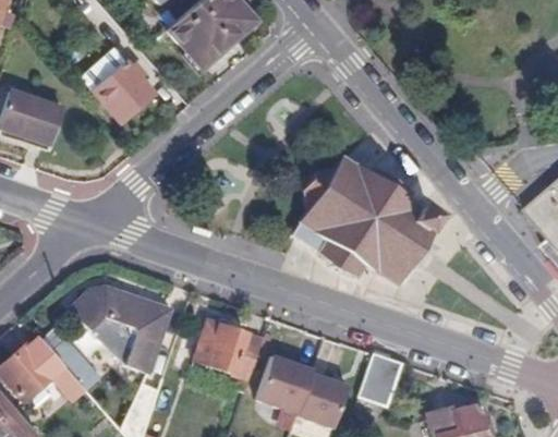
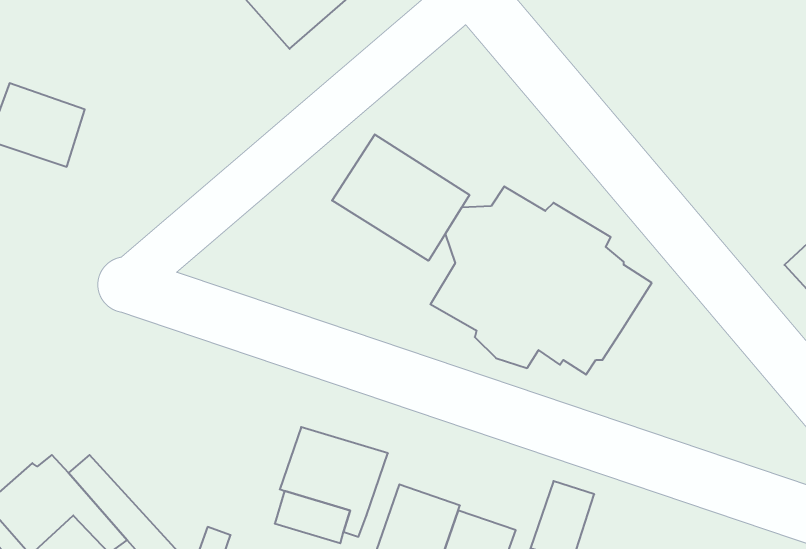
building: [82,53,153,123] -> none
building: none -> [332,134,469,261]
building: [70,286,169,372] -> none

